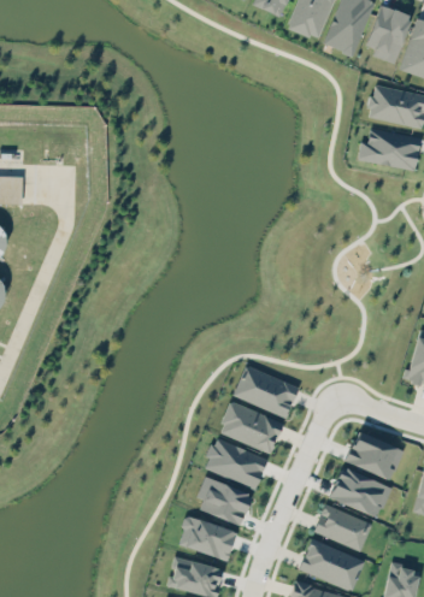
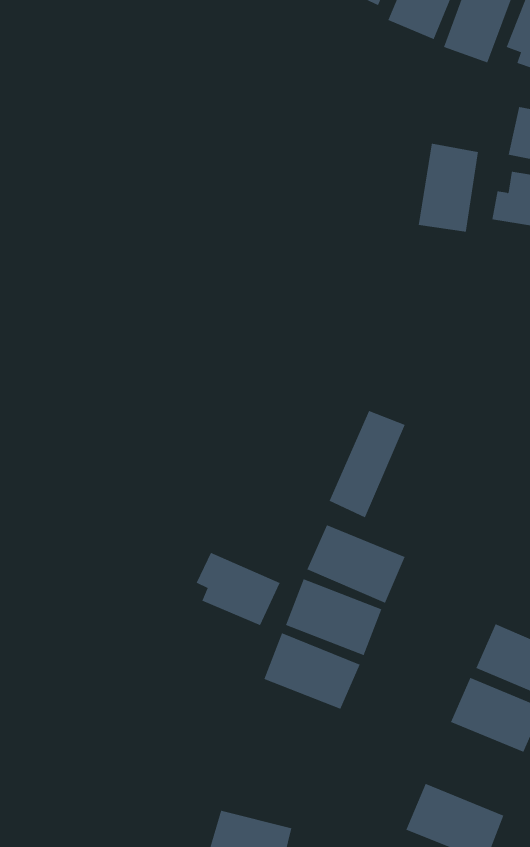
building: none -> [418,143,479,232]
building: none -> [329,410,406,518]
building: [196,477,253,526] -> [196,552,280,626]
building: [314,506,372,551] -> none
building: [177,516,236,561] -> none

